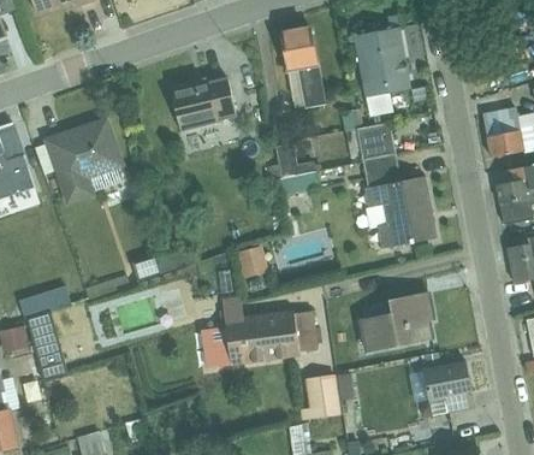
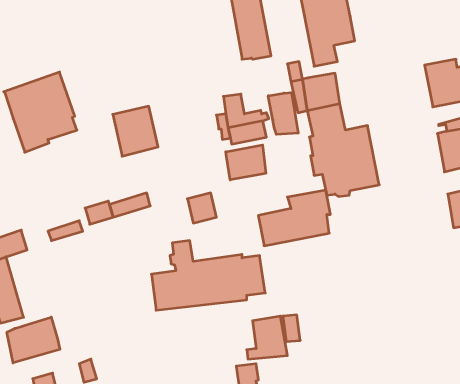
building: [172,79,219,131] -> [113,106,158,156]
building: none -> [268,93,298,134]
building: none -> [226,145,266,180]
building: [358,292,433,350] -> [258,190,330,246]
building: [422,361,475,415] -> none
building: none -> [7,317,60,363]

